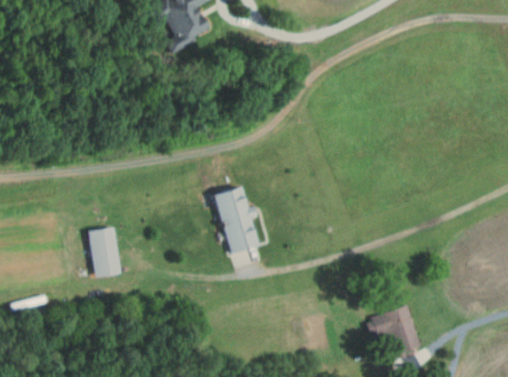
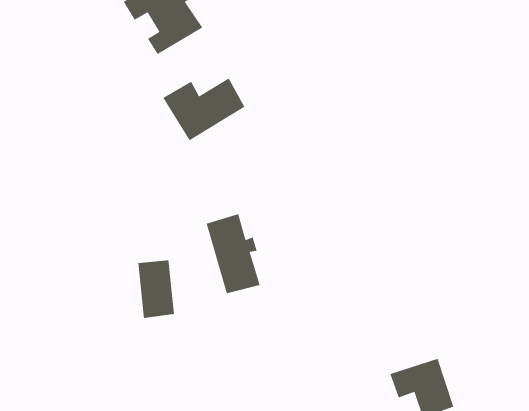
building: none -> [163,78,245,141]
building: [88,227,119,276] -> [137,260,175,319]

